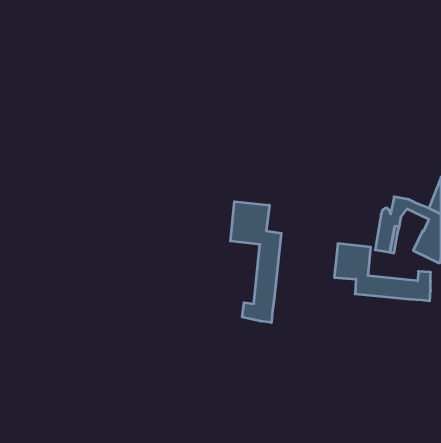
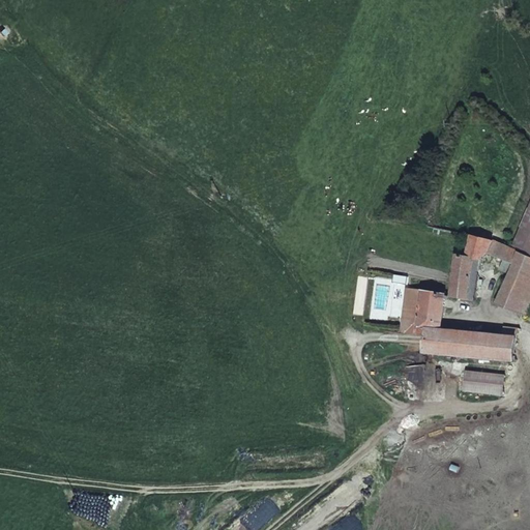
building: [230,202,281,323] -> none
building: none -> [463,370,503,393]

